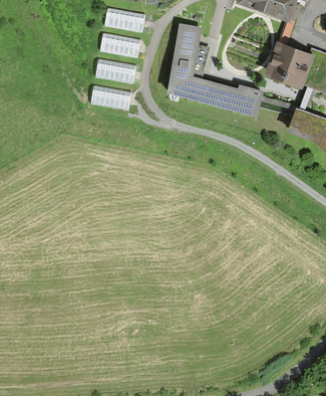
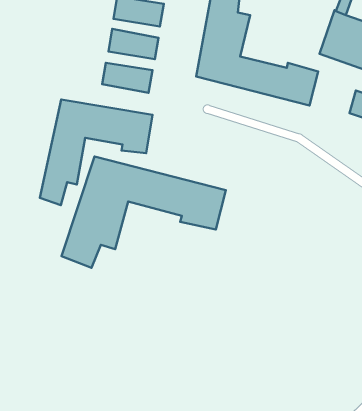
building: none -> [40,100,153,205]
building: none -> [61,157,226,268]

